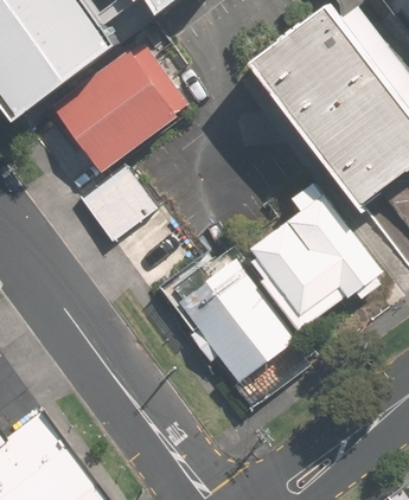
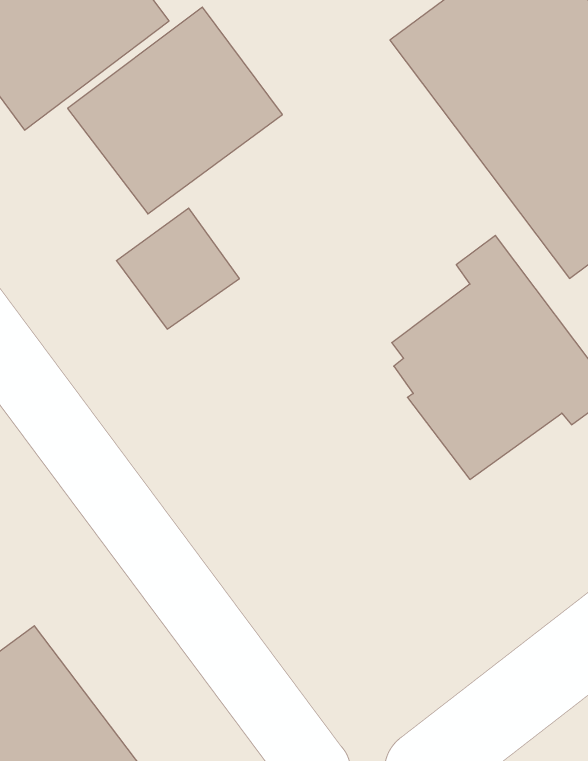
building: [166,254,299,382] -> none

